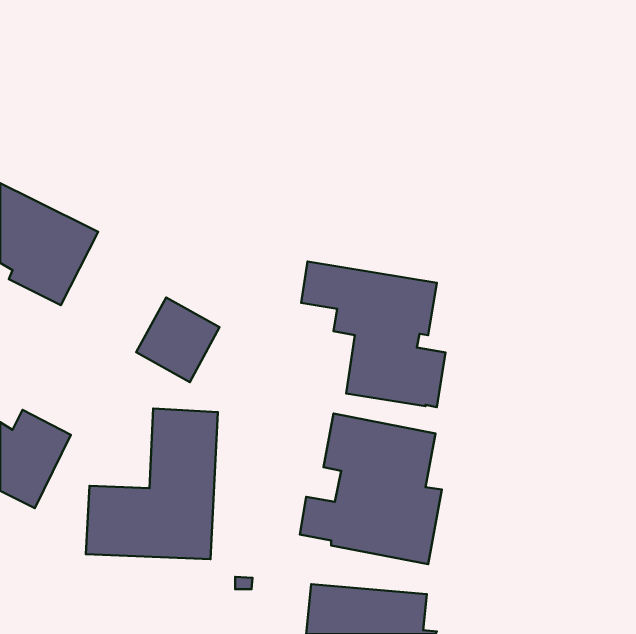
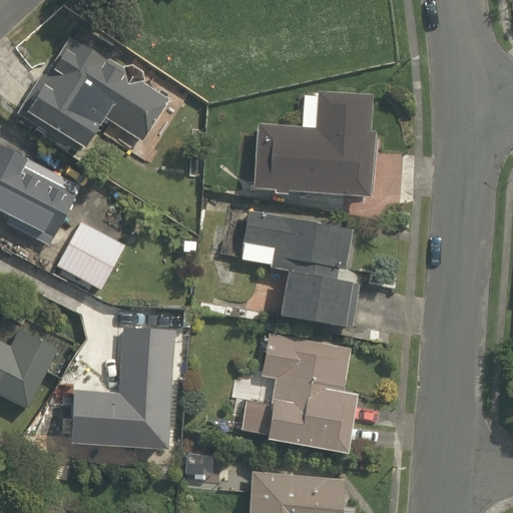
building: none -> [16,38,168,153]
building: none -> [252,91,374,198]
building: [136,297,220,382] -> [56,221,123,290]

